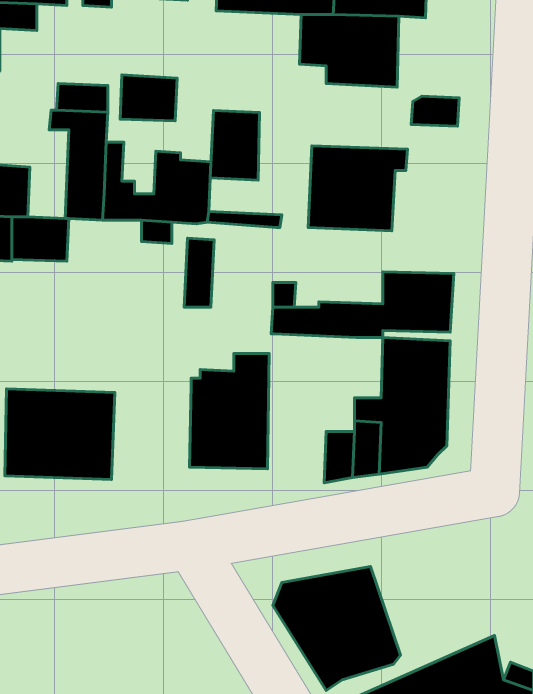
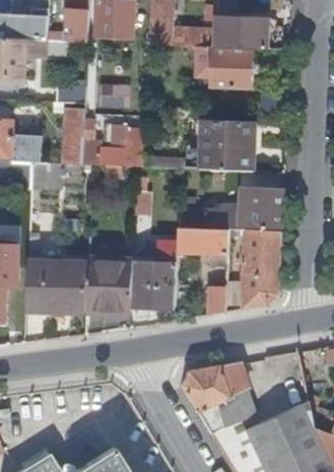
building: [210,110,260,180] -> none
building: none -> [182,228,229,255]
building: none -> [89,256,135,314]

